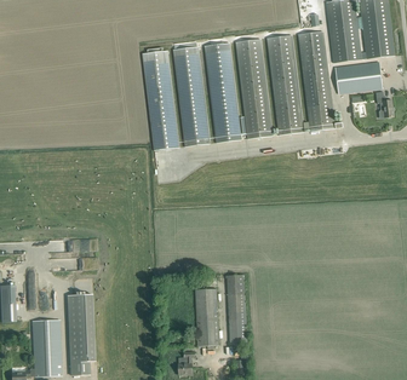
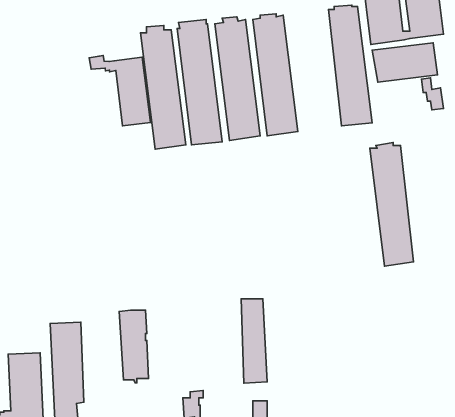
building: [266,33,303,136] -> [370,143,414,266]
building: none -> [89,55,150,126]
building: [194,288,218,349] -> [119,310,148,383]

